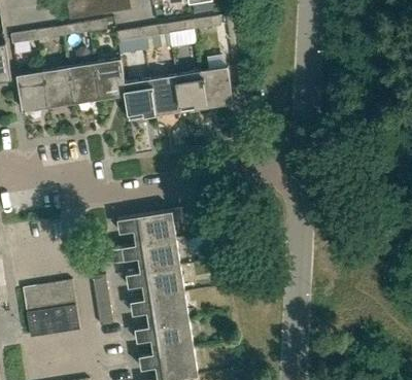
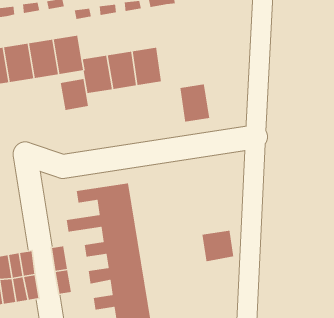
building: [200,66,232,106] -> [179,83,210,122]
building: none -> [60,78,89,111]
building: none -> [201,230,234,262]

